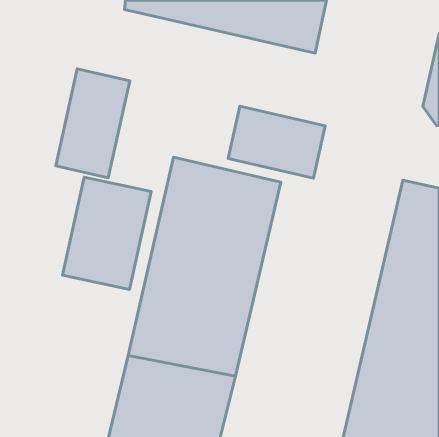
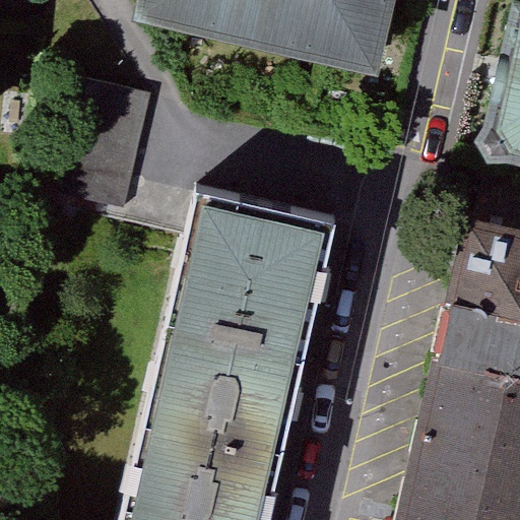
building: [228,106,325,178] -> none
building: [62,177,151,290] -> none

